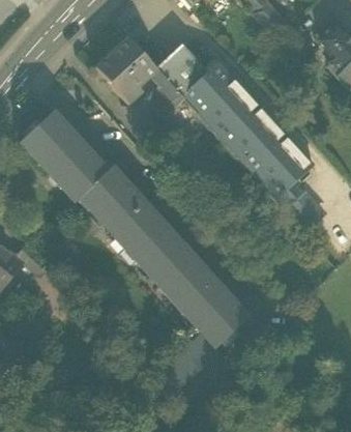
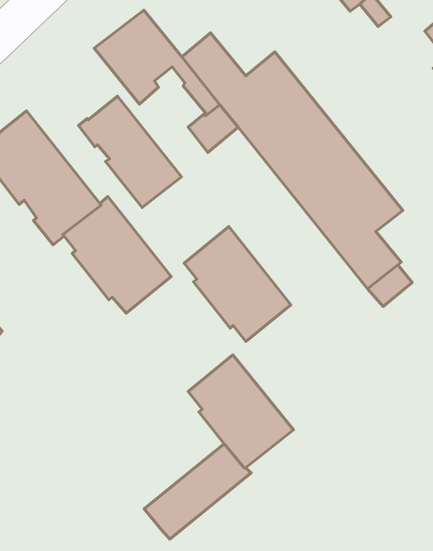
building: none -> [79,96,181,208]
building: [127,217,202,294] -> [184,226,291,341]

